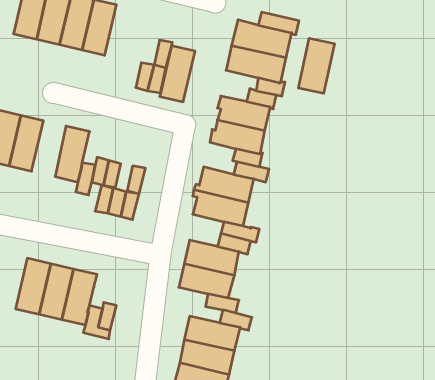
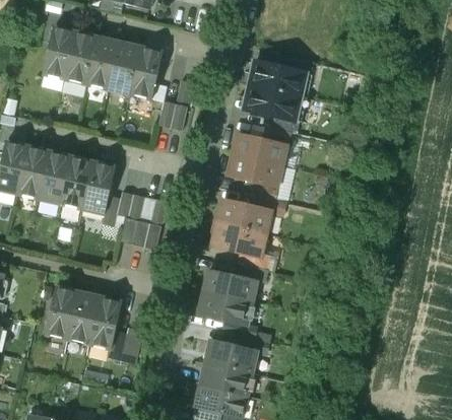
building: [298,38,334,93] -> none
building: [160,46,195,102] -> [129,47,163,99]
building: none -> [60,156,92,209]

